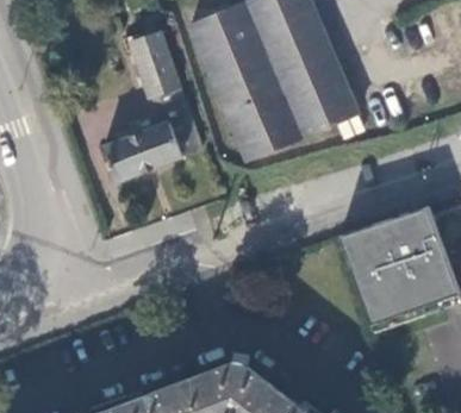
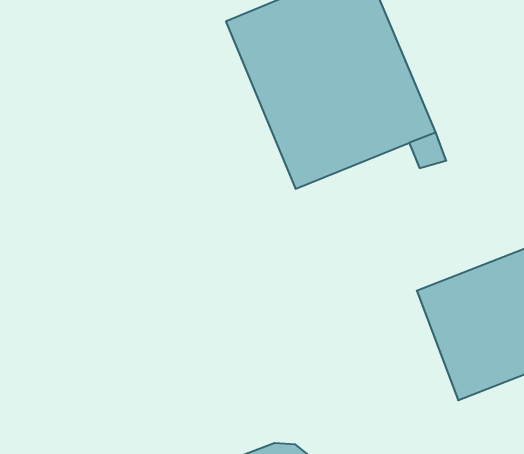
building: [102,13,200,182] -> none

